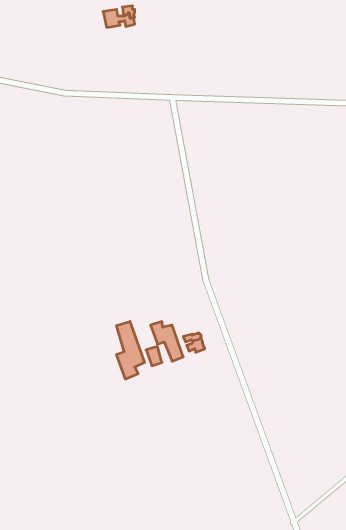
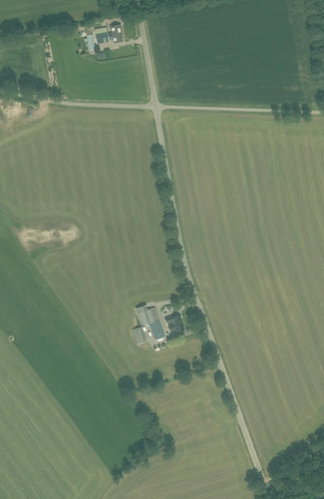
building: [116,321,145,379] -> none

